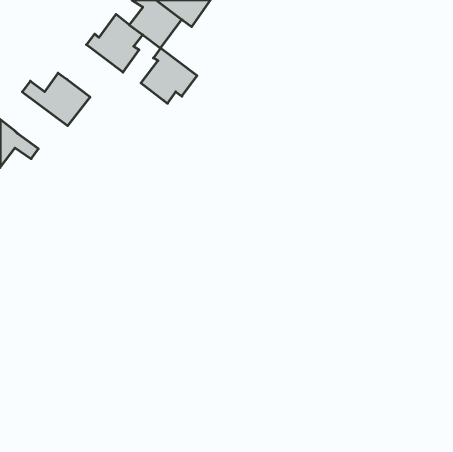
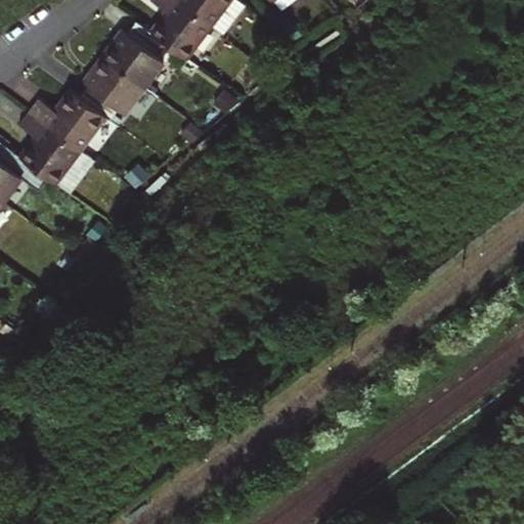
building: [141,48,197,103] -> [80,55,144,119]
building: none -> [19,110,81,182]

